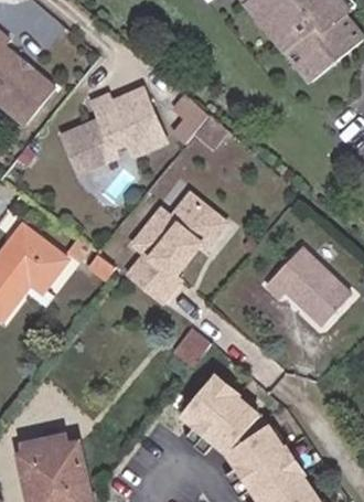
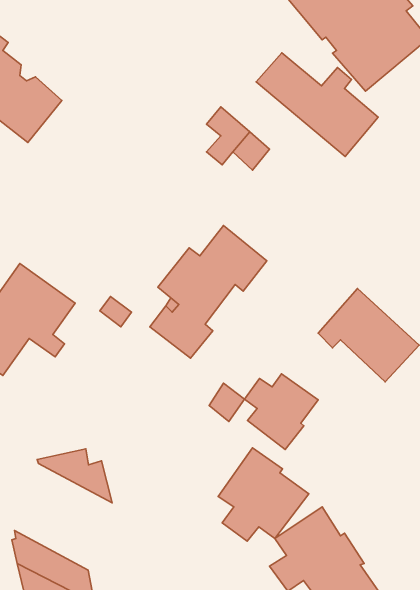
building: none -> [256,53,378,157]
building: [62,89,167,178] -> none
building: none -> [245,374,318,450]
building: [13,437,76,482] -> [37,449,112,503]

